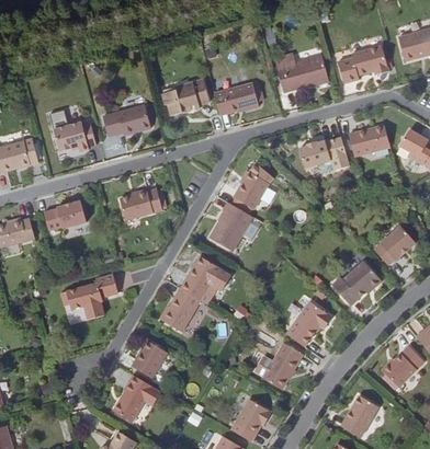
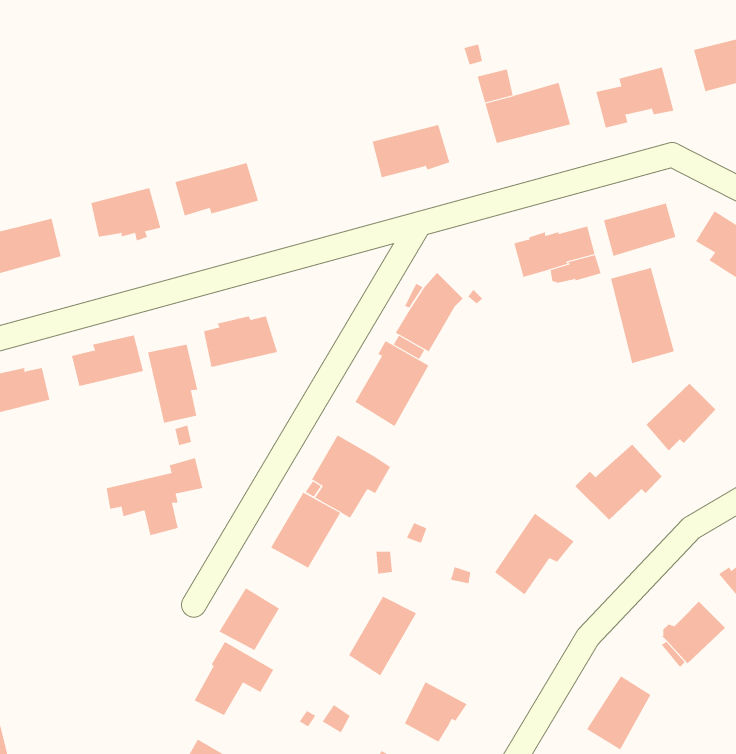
building: [163,77,212,113] -> none
building: none -> [611,267,674,364]
building: none -> [147,344,198,423]
building: [262,345,302,391] -> [348,596,417,676]

